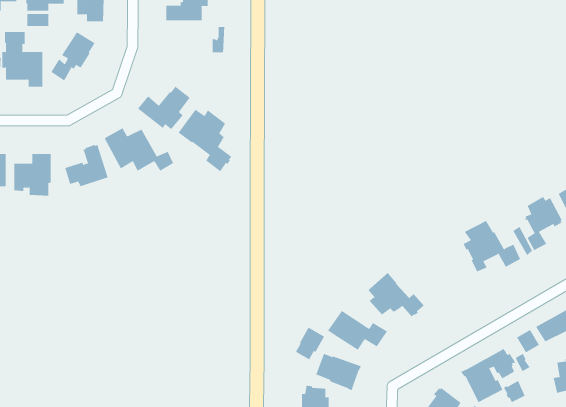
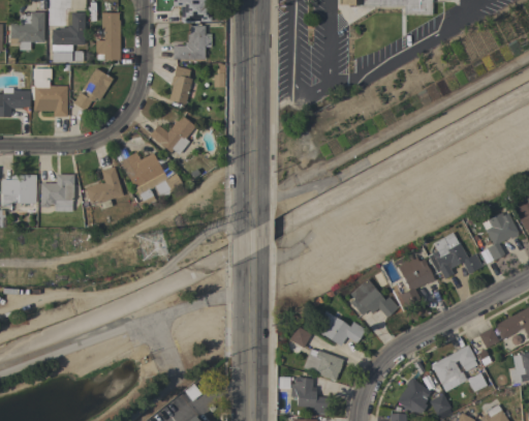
building: none -> [169,66,192,103]
building: [178,109,232,172] -> none
building: none -> [387,257,435,309]

